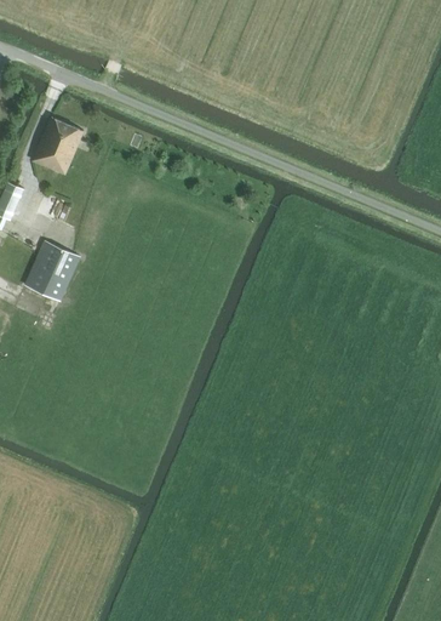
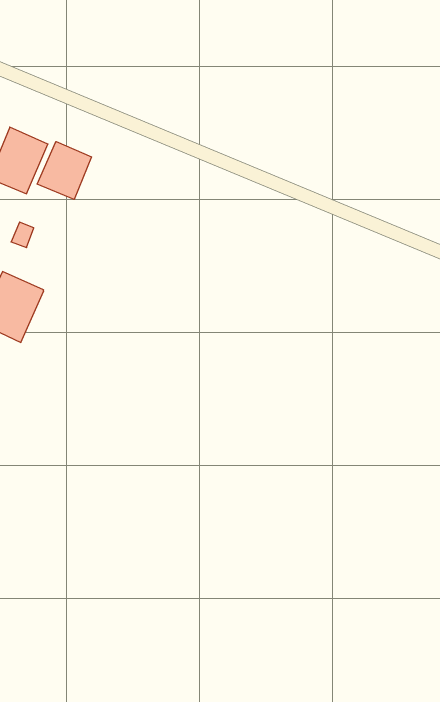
building: none -> [37,142,92,199]

